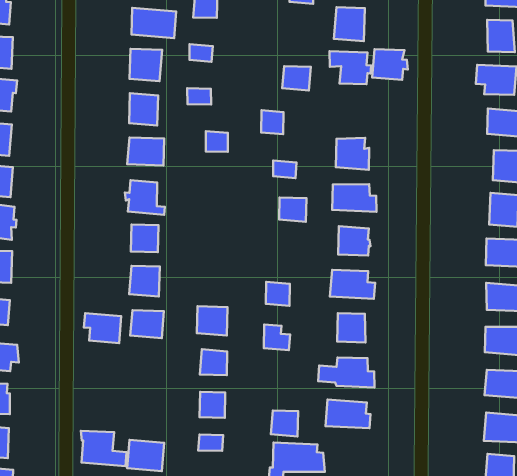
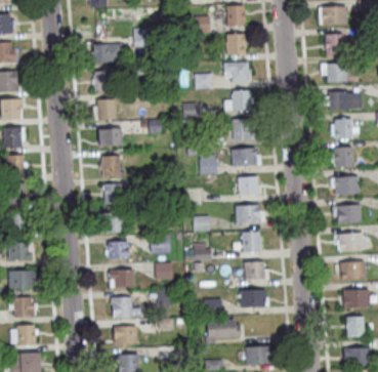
building: [372,49,408,80] -> [233,90,255,110]
building: [84,313,121,343] -> [112,268,135,286]
building: [81,431,127,466] -> [112,295,142,317]

